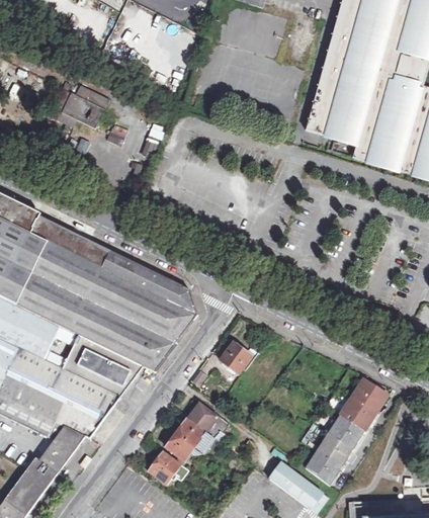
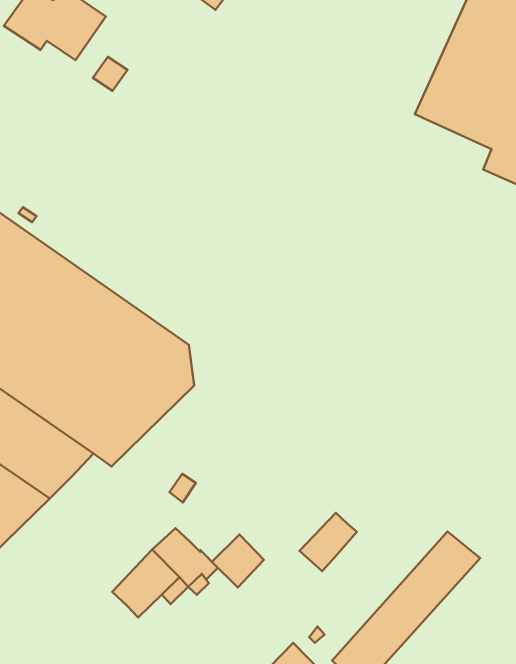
building: [220,340,251,372] -> [212,534,264,588]
building: none -> [300,513,357,571]
building: [149,450,188,483] -> none

